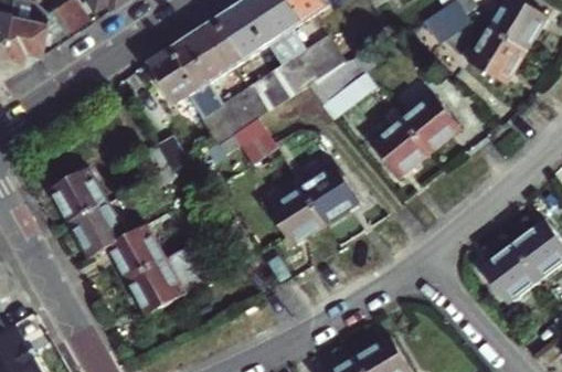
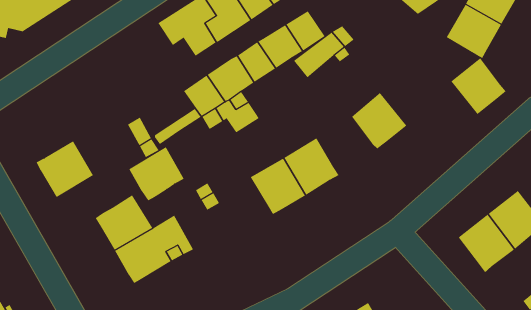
building: [147,47,211,106] -> none
building: [401,94,458,152] -> [450,58,506,115]
building: [68,203,126,259] -> [128,146,184,201]

